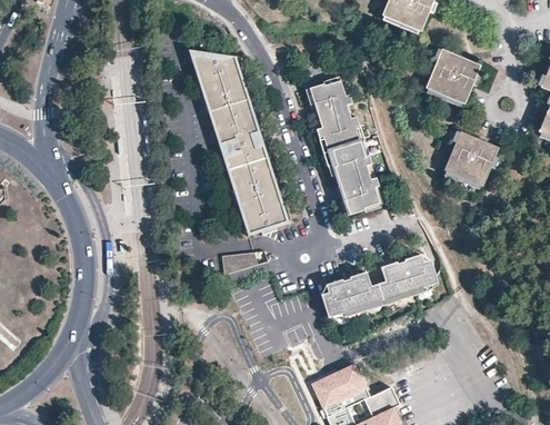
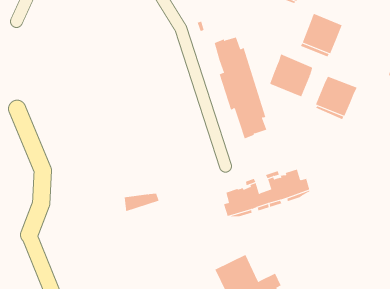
building: [191,52,286,237] -> none
building: none -> [270,54,313,97]
building: [221,251,268,276] -> [124,193,160,212]

